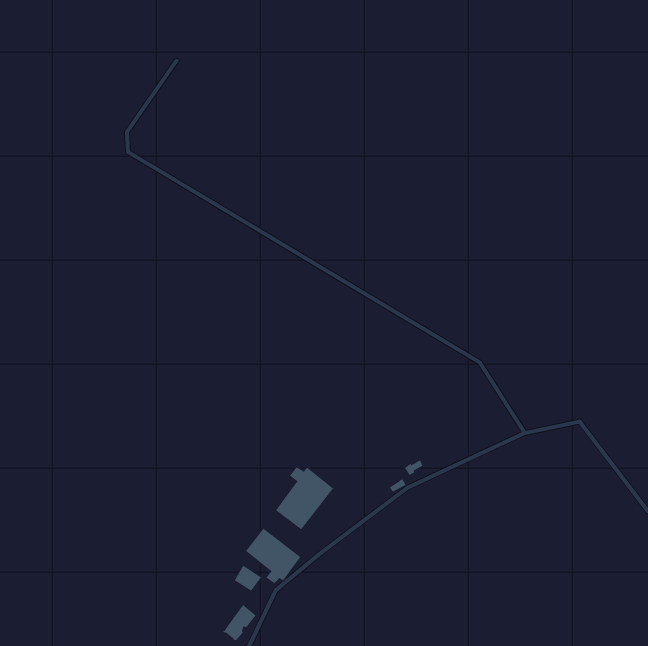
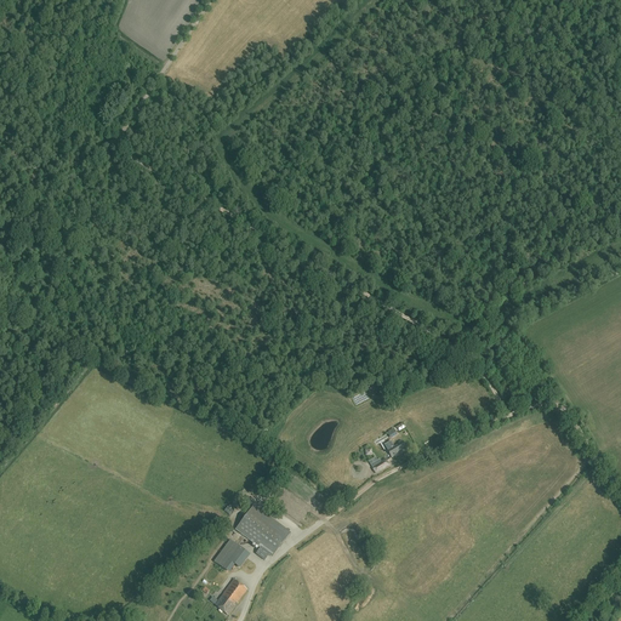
building: [275,467,334,530] -> none

